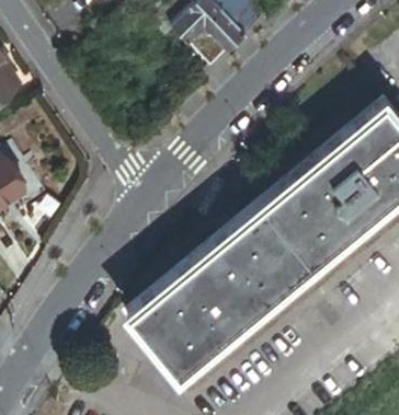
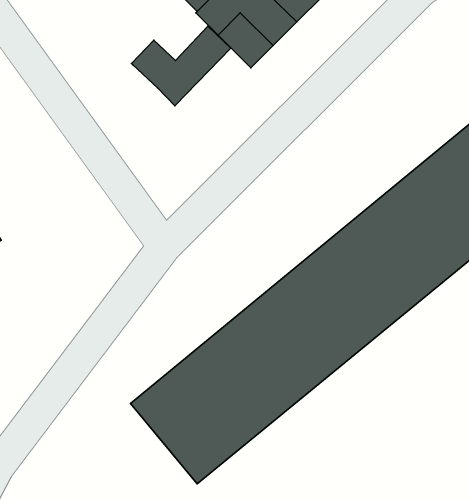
building: none -> [132,26,231,106]

